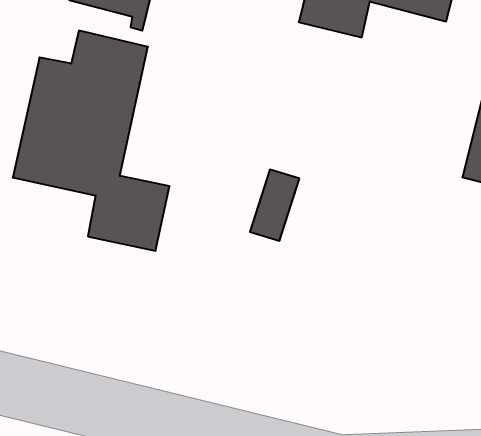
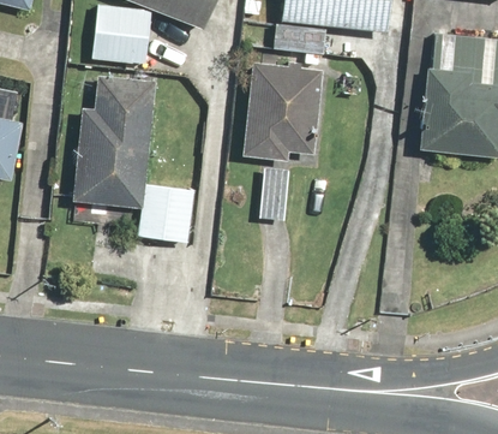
building: none -> [242,61,325,161]

